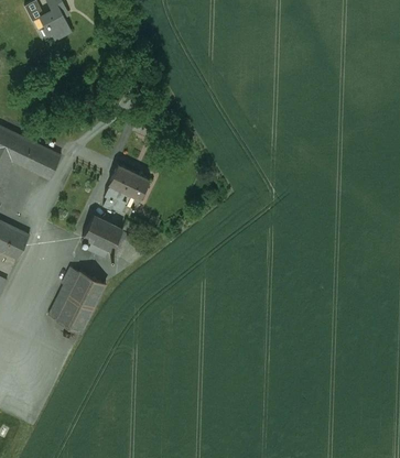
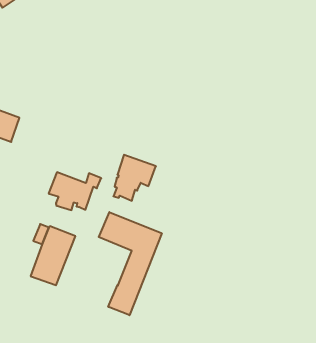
building: [102,163,150,211] -> [113,155,156,201]
building: none -> [99,212,162,315]

